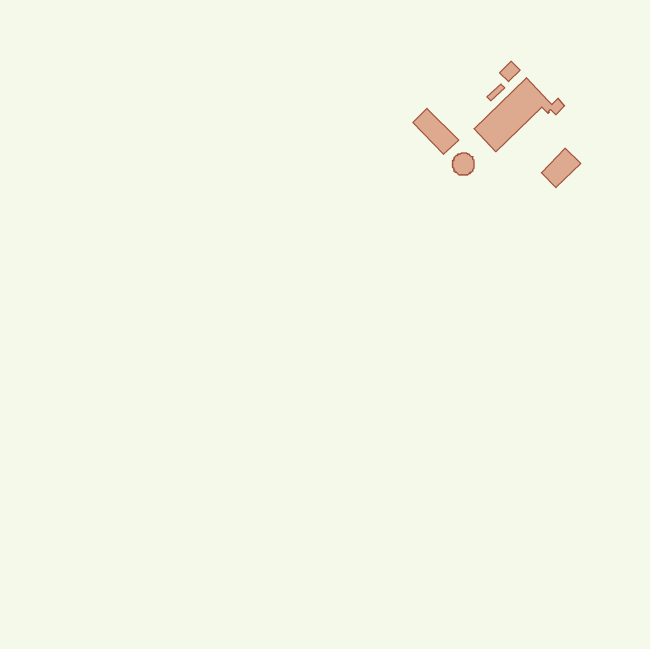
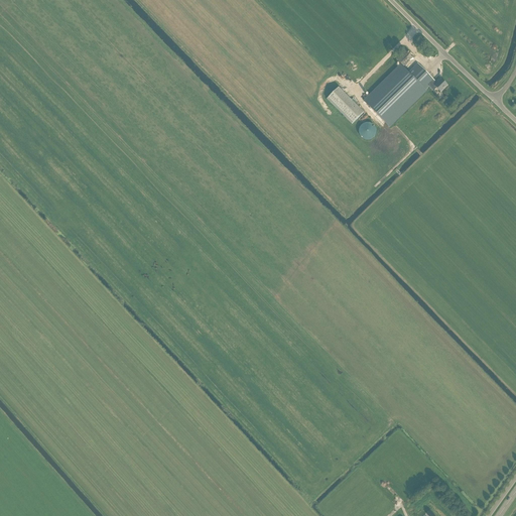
building: [541,148,581,188] -> none

